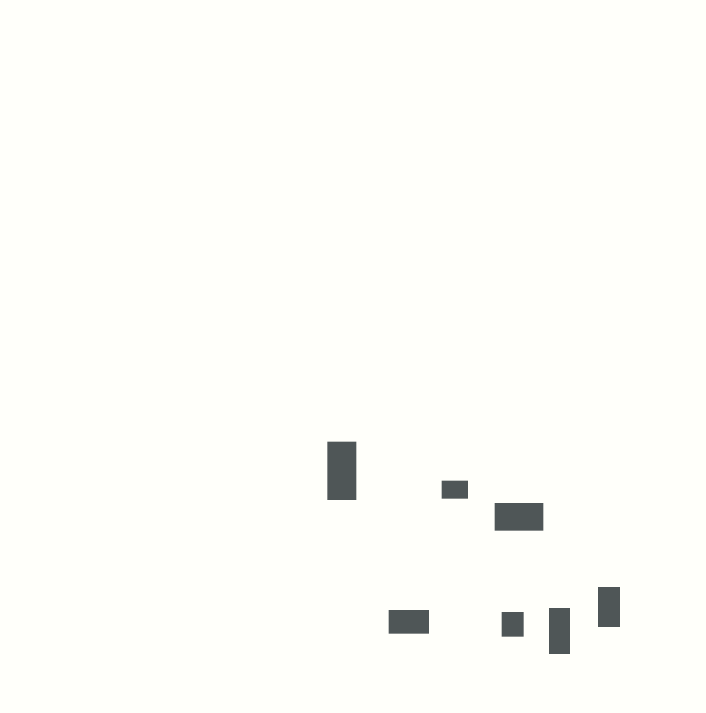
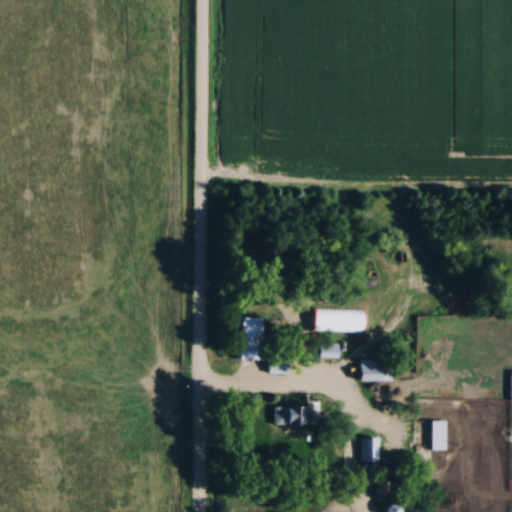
building: none -> [313,309,366,332]
building: [548,607,571,655] -> none
building: [388,609,430,634] -> [277,407,307,425]

